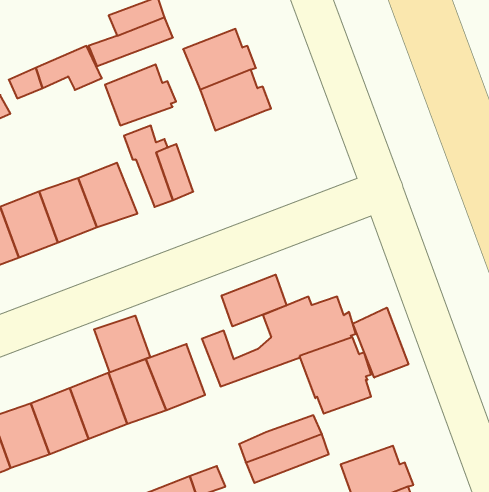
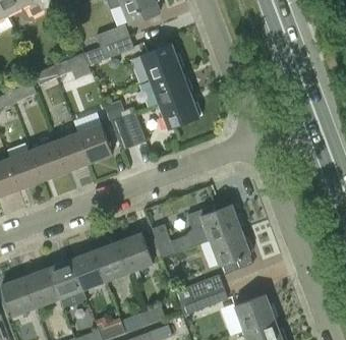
building: [105,64,176,125] -> [159,92,201,128]
building: [222,275,286,326] -> none
building: [353,308,408,378] -> none
building: [94,316,150,372] -> none

